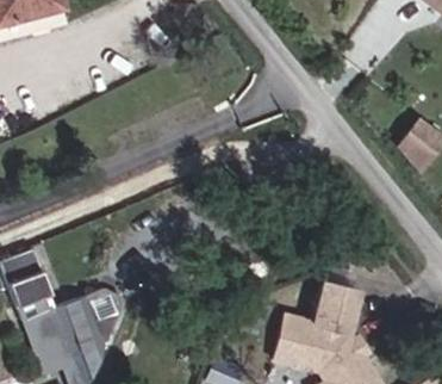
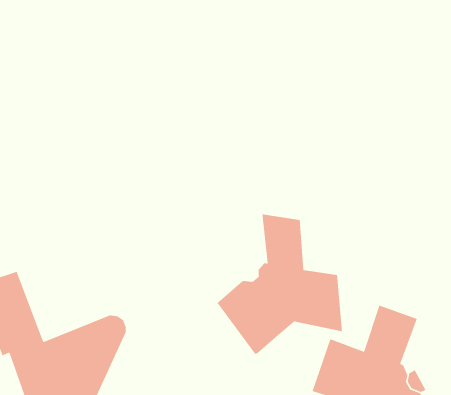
building: none -> [217,213,343,355]

